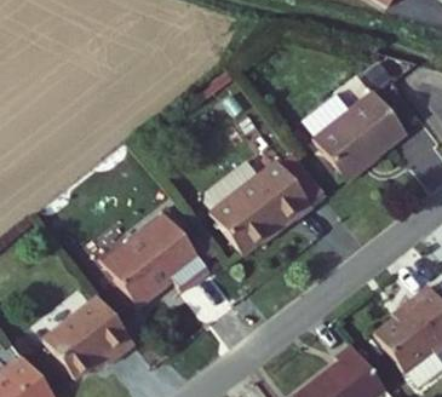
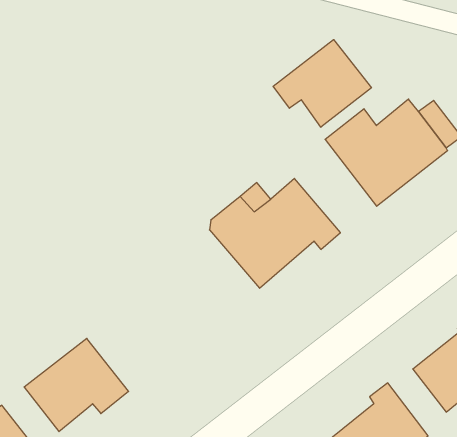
building: none -> [273,40,371,127]
building: [97,214,209,310] -> none

